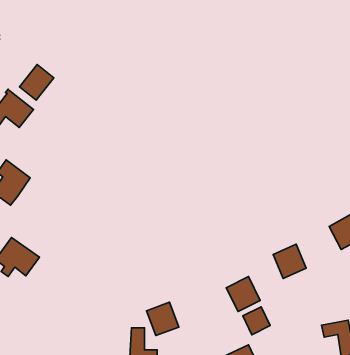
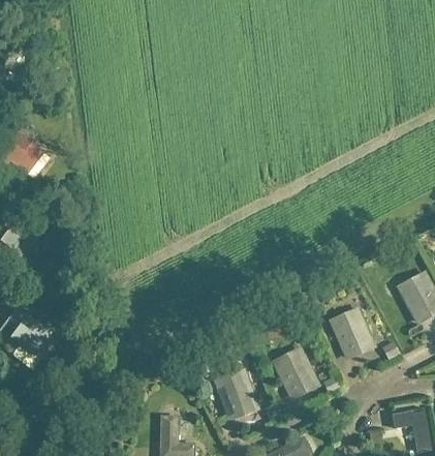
building: [19,65,54,100] -> none
building: [146,302,179,336] -> [217,377,256,418]
building: [243,307,270,335] -> none

